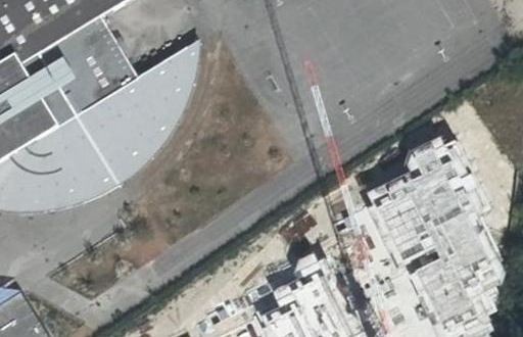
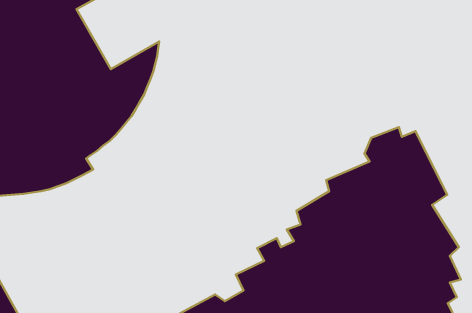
building: [113,41,203,181] -> none

